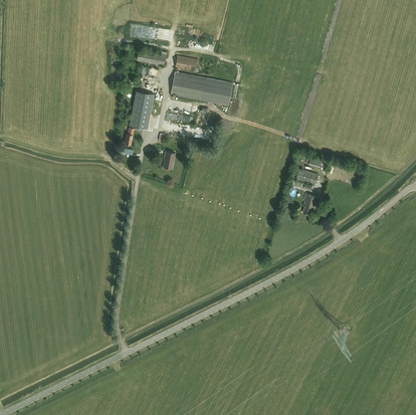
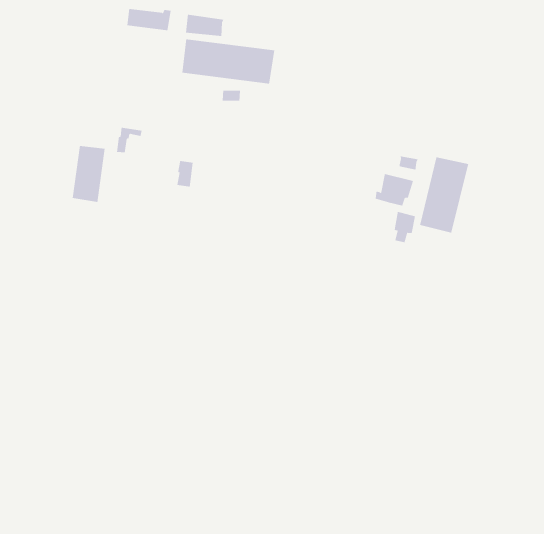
building: [130,90,154,129] -> [72,145,105,203]
building: none -> [419,157,469,234]

